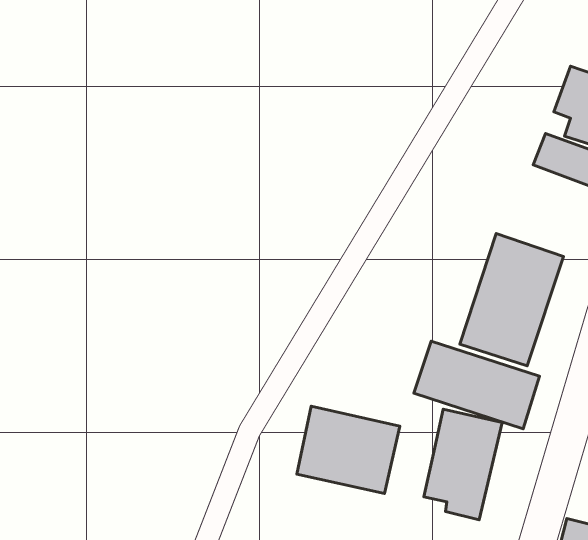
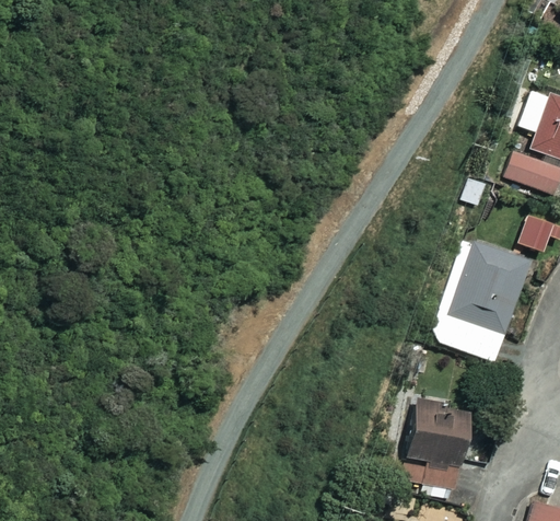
building: [414,341,539,429] -> none
building: [297,406,400,493] -> none

